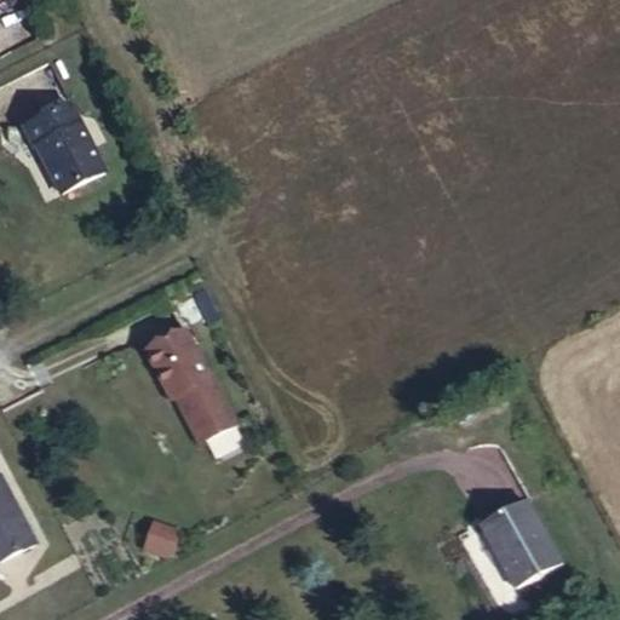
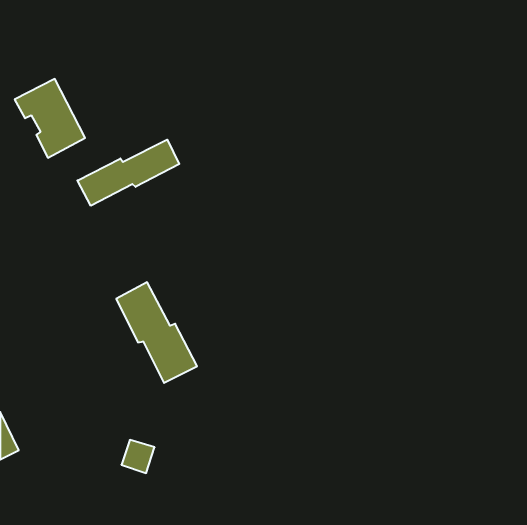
building: none -> [77,140,179,206]
building: [484,503,561,586] -> none

